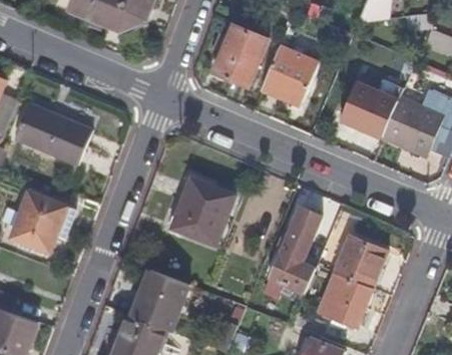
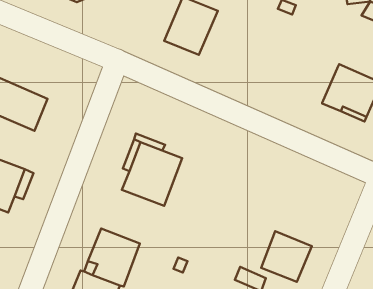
building: [263,43,322,105] -> none
building: [342,78,400,135] -> none
building: [262,207,322,306] -> none
building: [333,237,386,289] -> none

